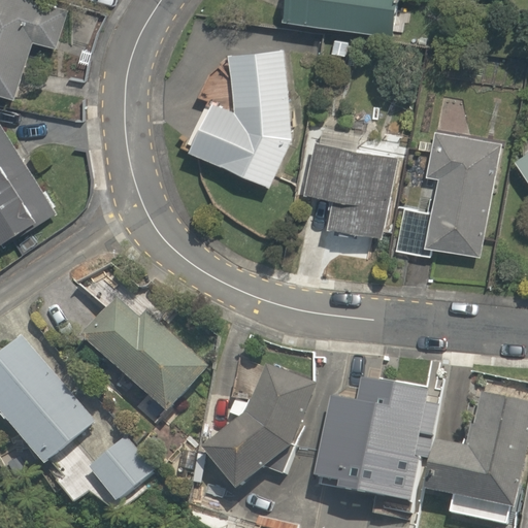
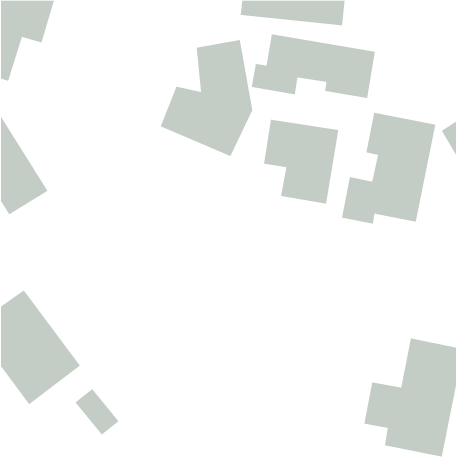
building: none -> [251,34,376,99]
building: [82,300,205,412] -> none
building: [198,362,320,490] -> none
building: [323,387,423,505] -> none

